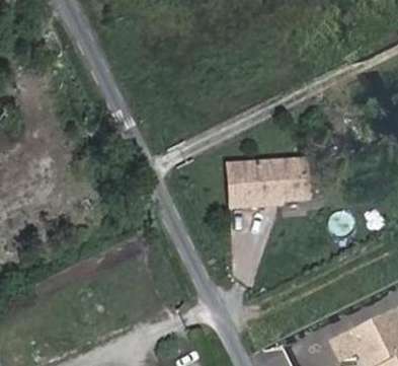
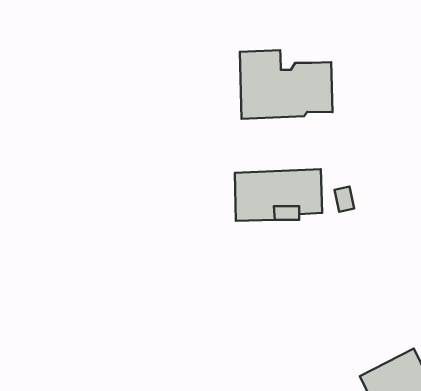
building: none -> [240,50,332,119]

